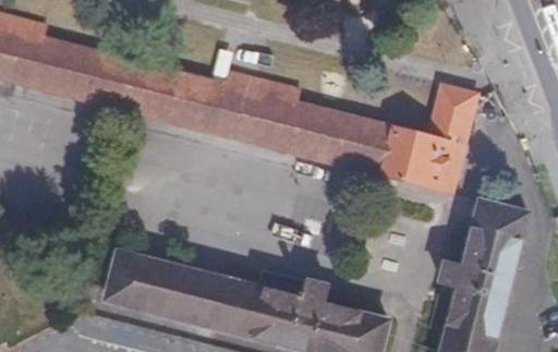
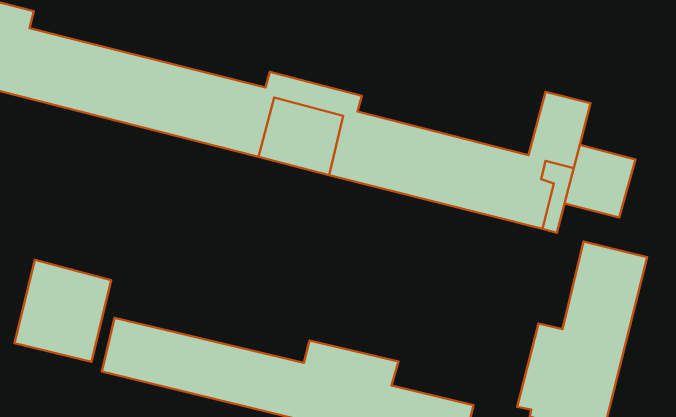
building: none -> [564,145,635,218]
building: none -> [14,260,111,362]

